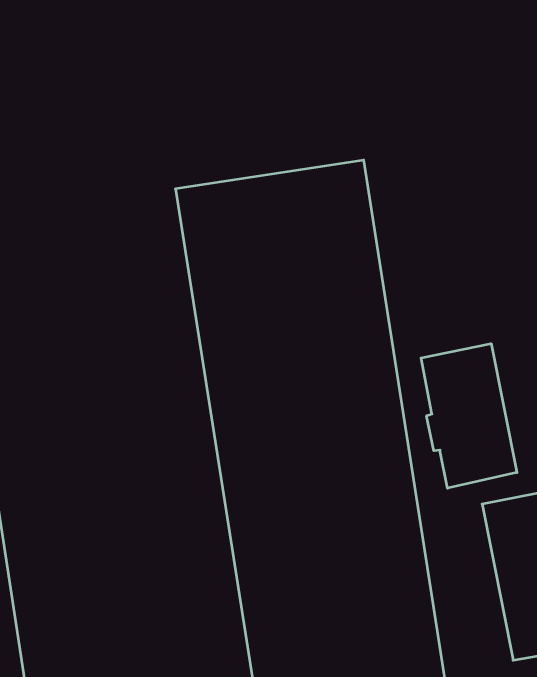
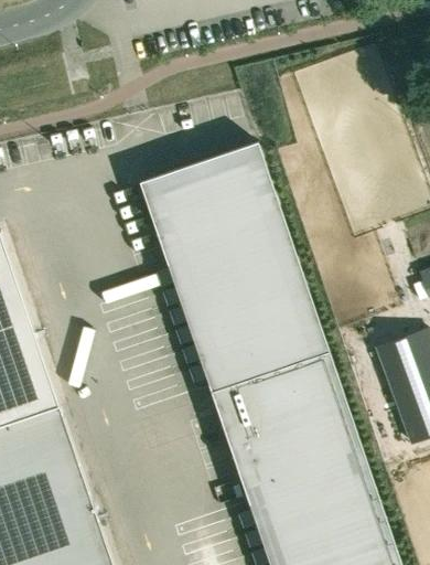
building: [421,344,517,488] -> none

